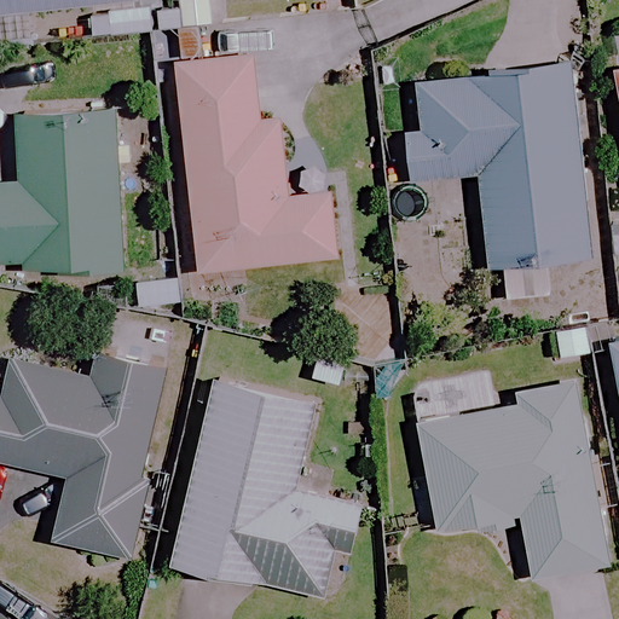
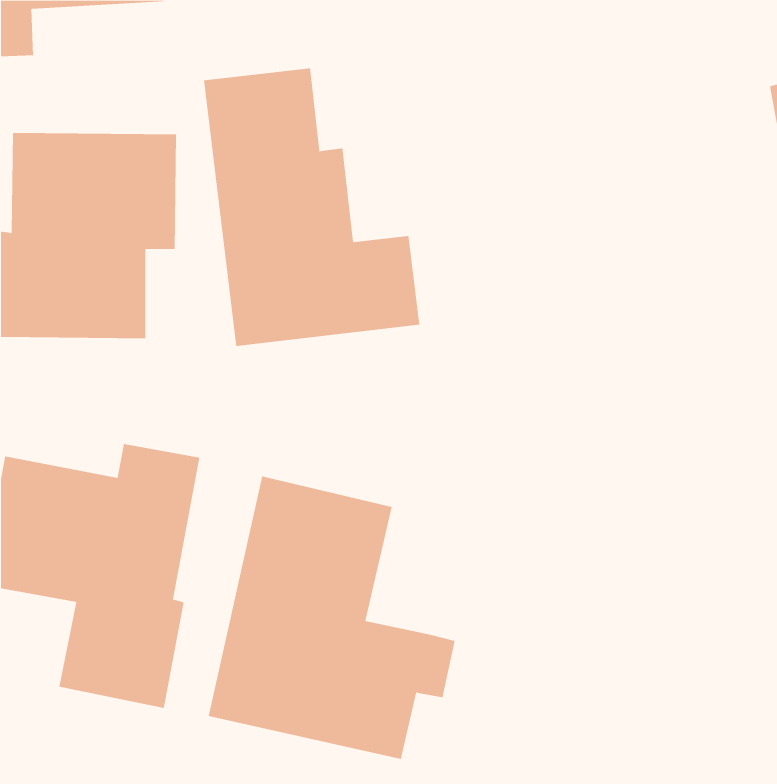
building: [401,59,588,270] -> none
building: [417,382,613,580] -> none

